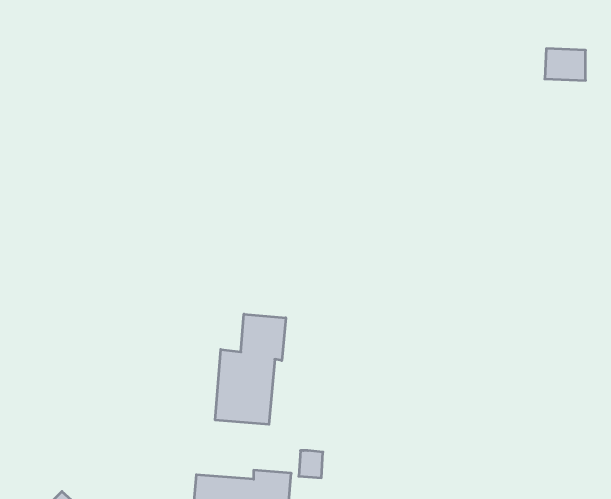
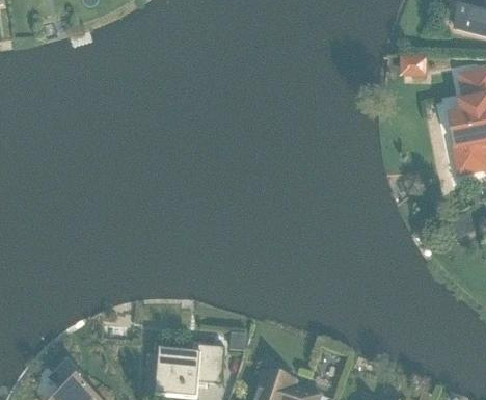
building: [215,314,286,424] -> none

